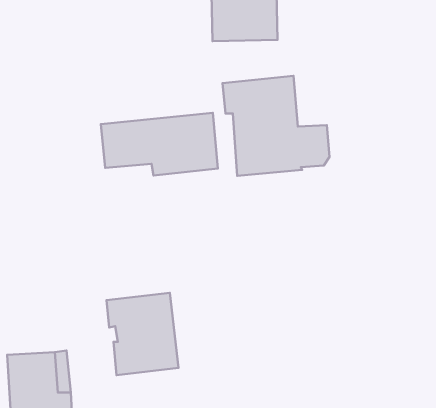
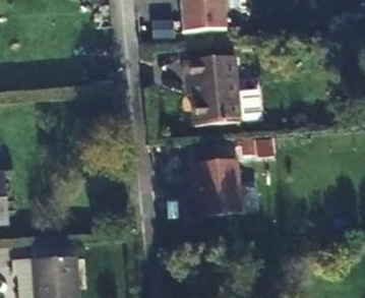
building: [101,113,218,175] -> none
building: [106,293,179,375] -> [193,159,244,217]

